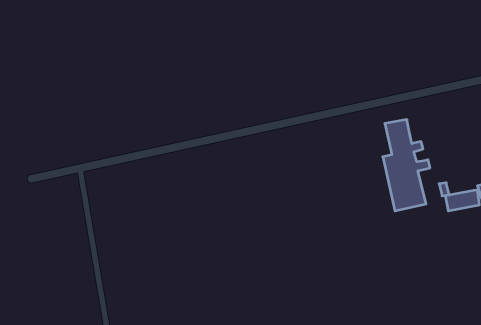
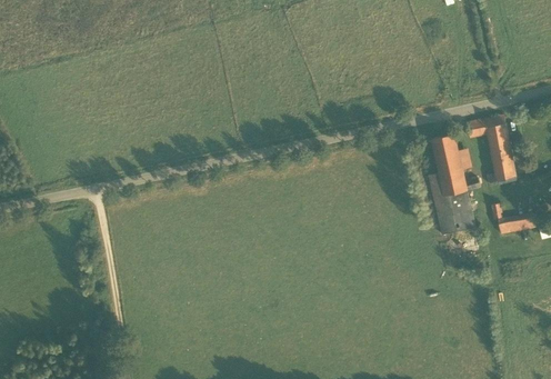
building: none -> [467,114,517,180]

